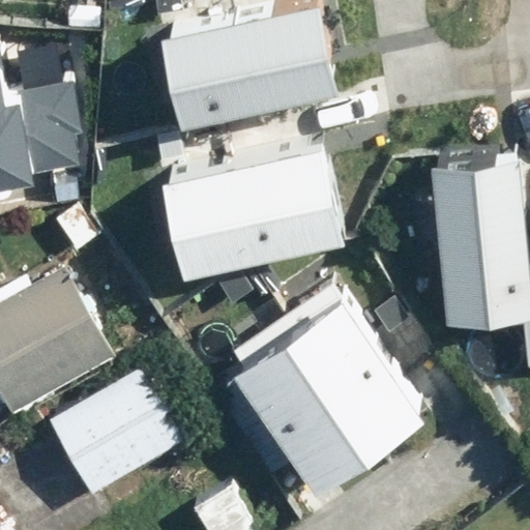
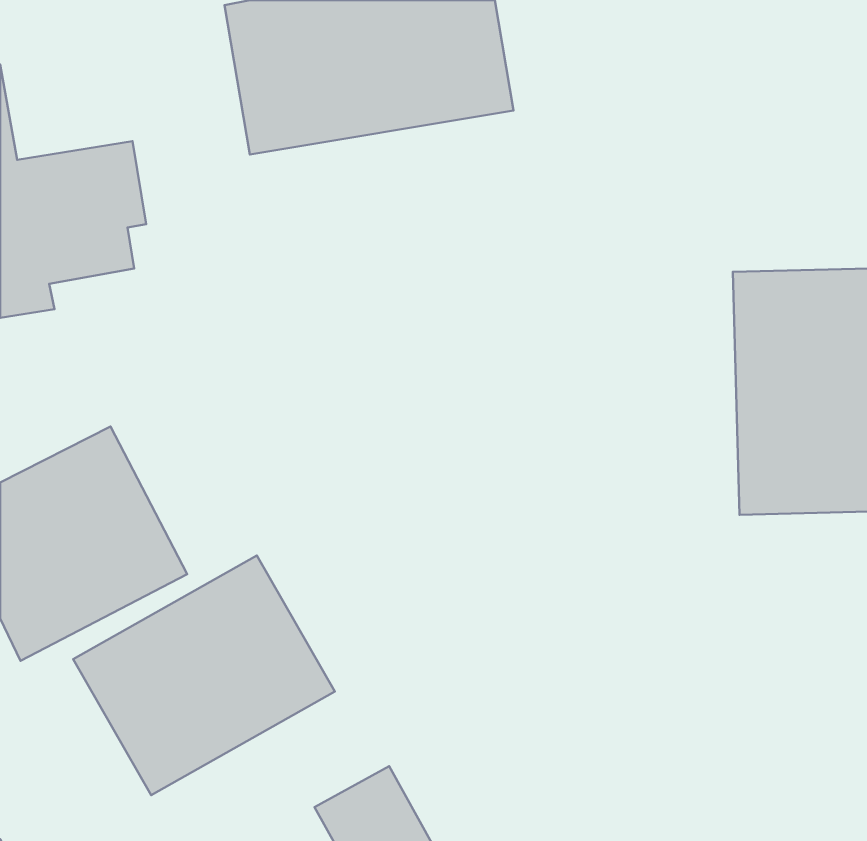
building: [140,149,303,246] -> none
building: [203,277,406,474] -> none

